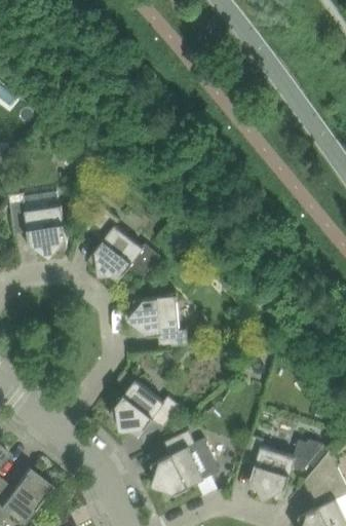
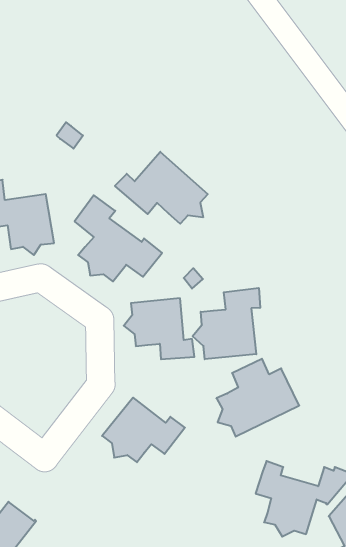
building: none -> [115,152,208,224]
building: none -> [193,288,260,359]
building: [150,429,221,496] -> [216,359,299,437]

